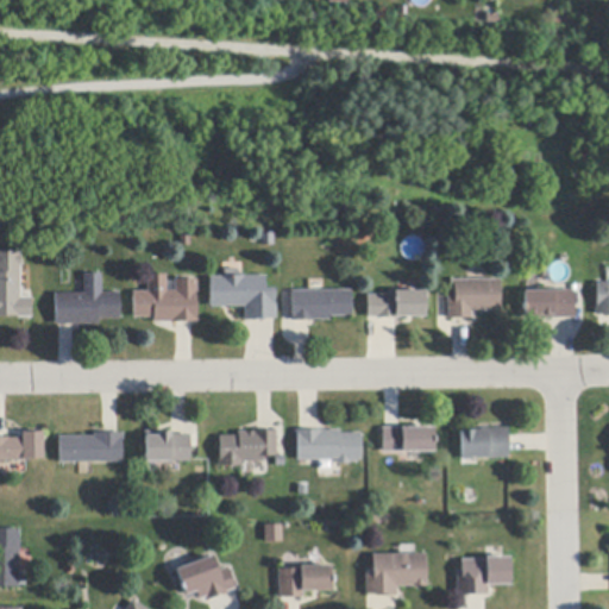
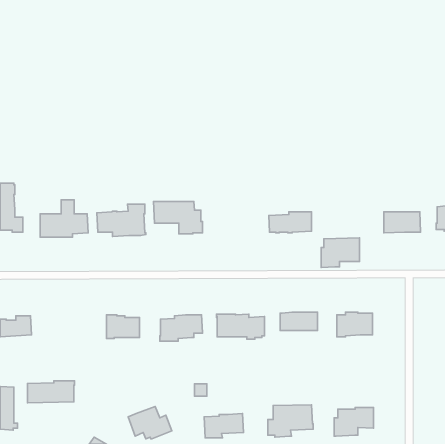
building: [448,277,501,318] -> [321,238,359,268]
building: [293,289,352,319] -> none
building: [59,432,124,462] -> [28,381,75,403]

